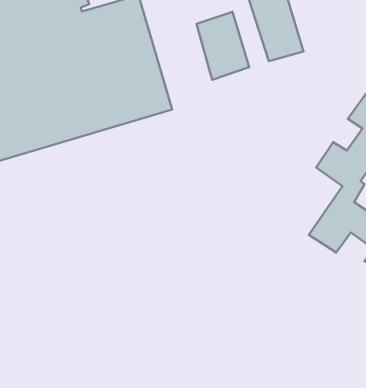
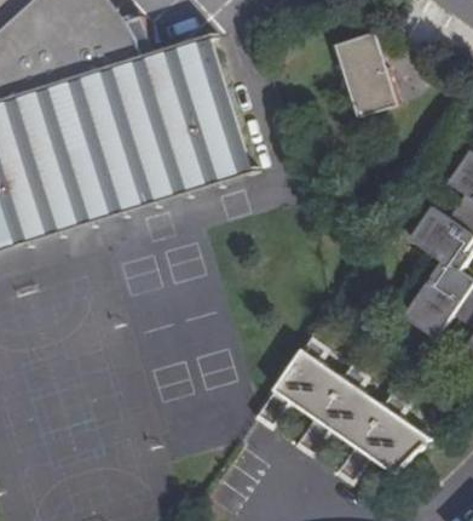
building: [196,12,249,80] -> none
building: none -> [255,334,432,487]

